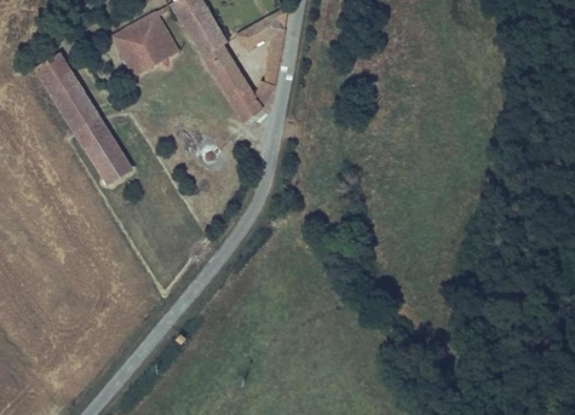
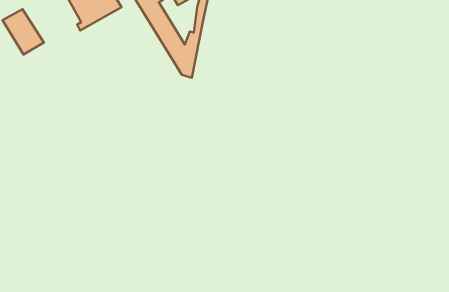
building: [61,93,132,183] -> none

